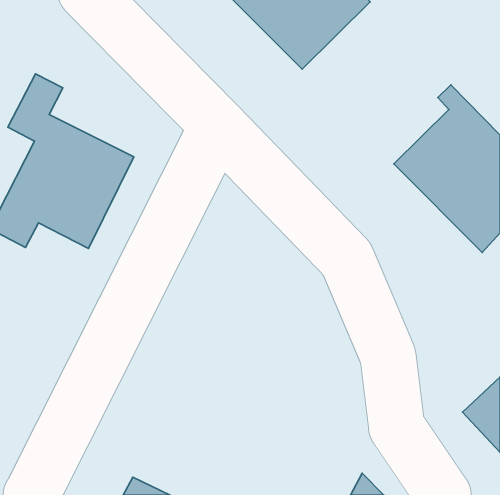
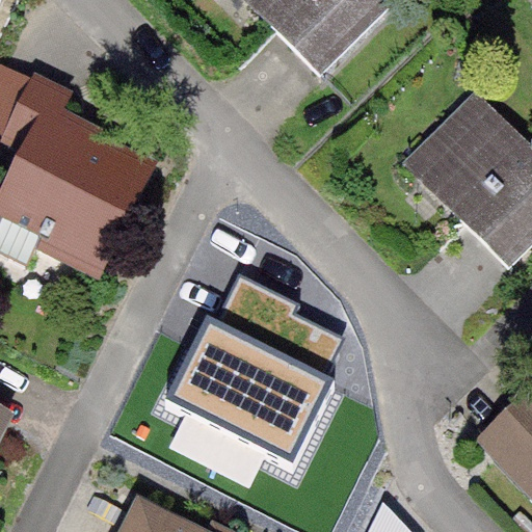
building: none -> [165,269,340,462]

